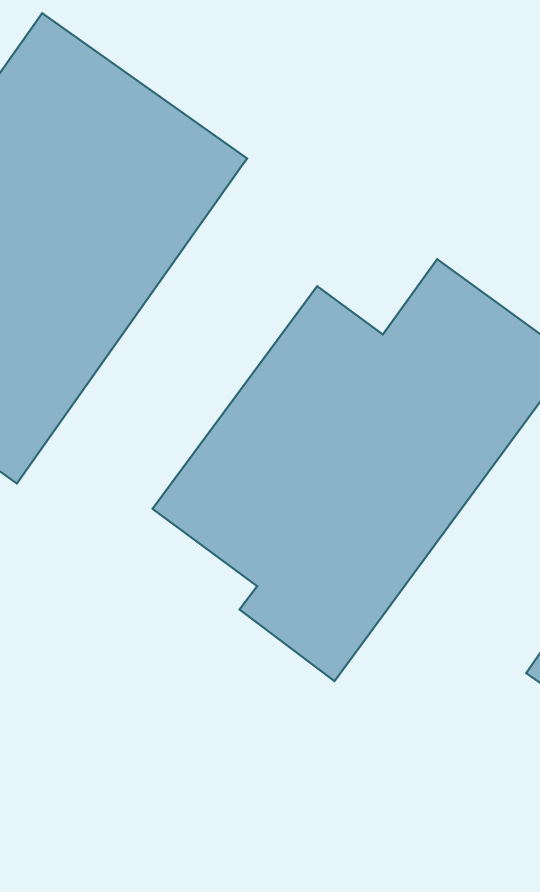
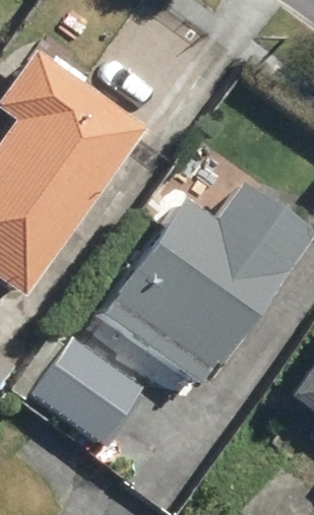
building: none -> [26,331,145,449]

